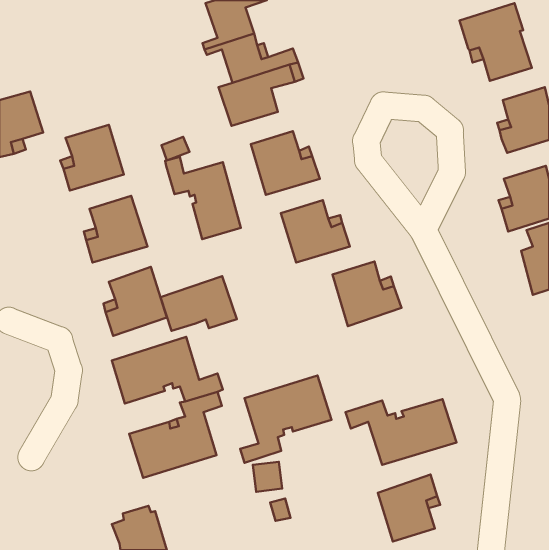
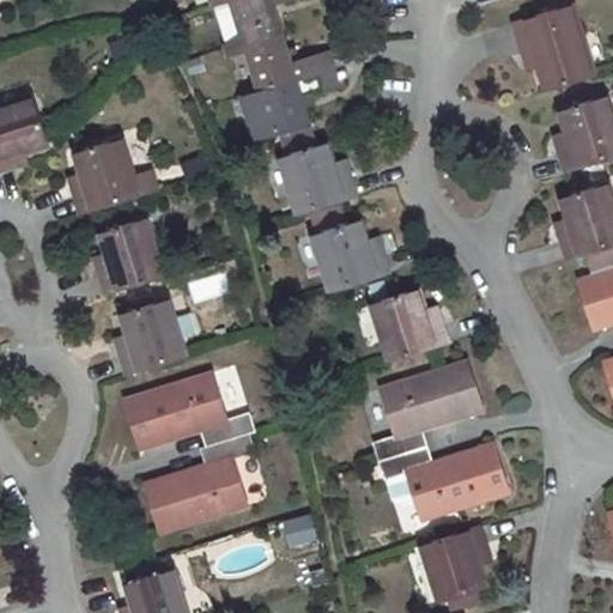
building: [165,157,241,239] -> none
building: [160,276,237,331] -> none
building: [240,376,332,463] -> [380,362,481,459]

